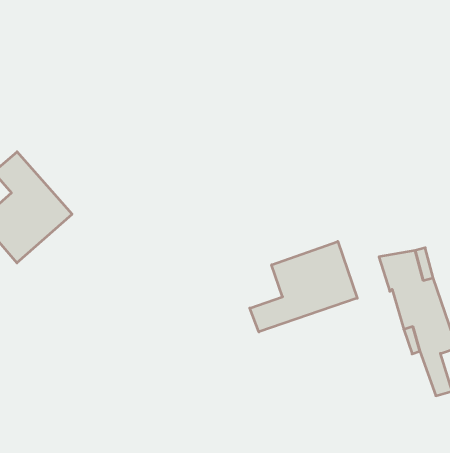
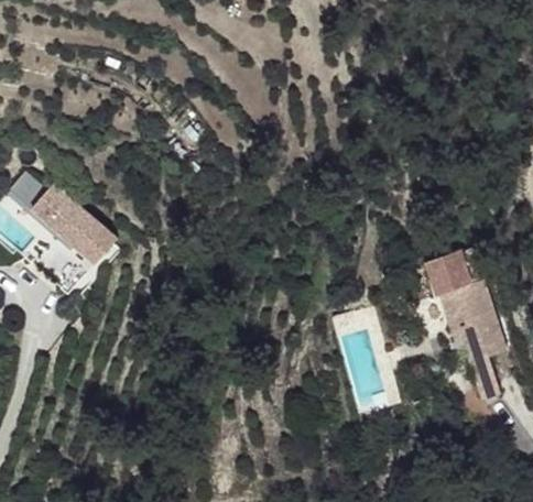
building: [250,241,357,332] -> none

